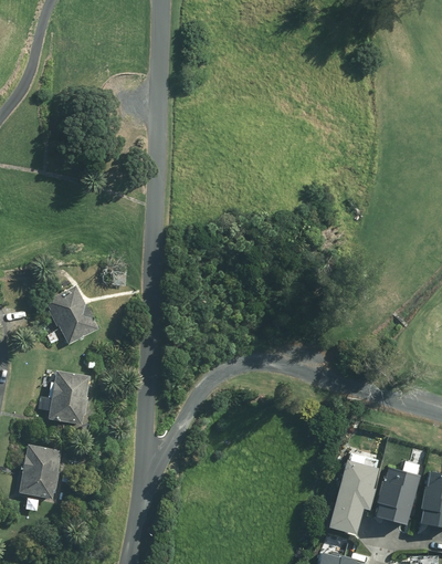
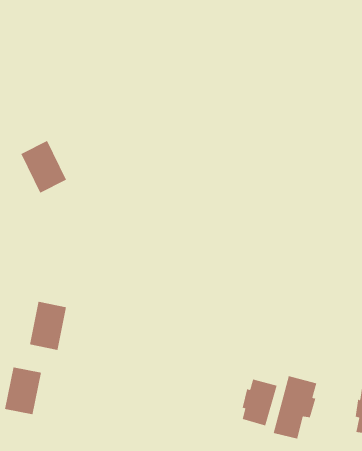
building: [45,286,98,347] -> [21,140,67,193]
building: [377,466,418,520] -> [242,379,277,426]

